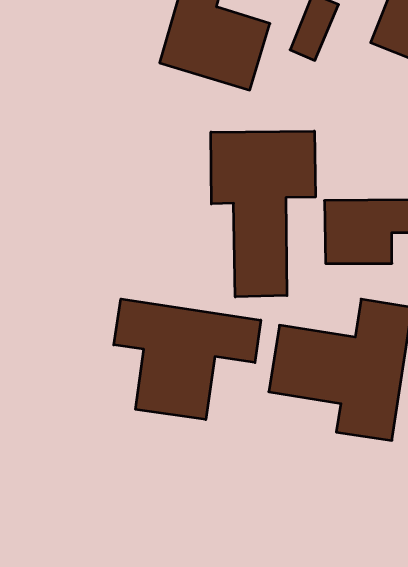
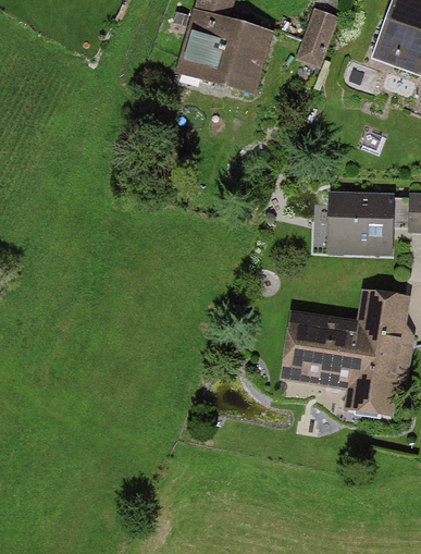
building: [211,131,315,297] -> none
building: [114,299,261,420] -> none

